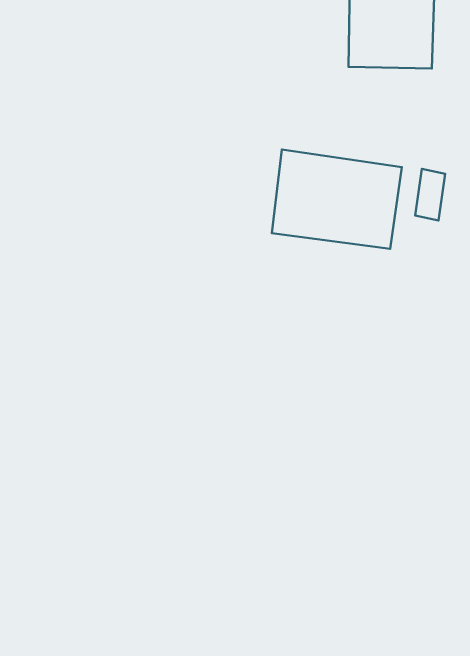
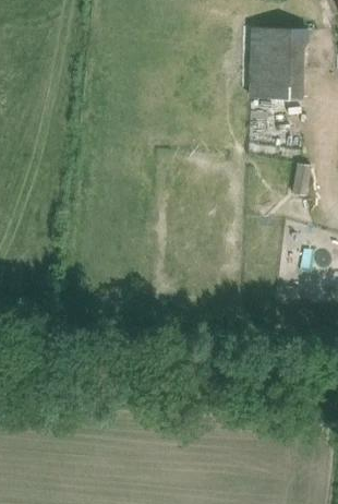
building: [272,149,402,249] -> none

